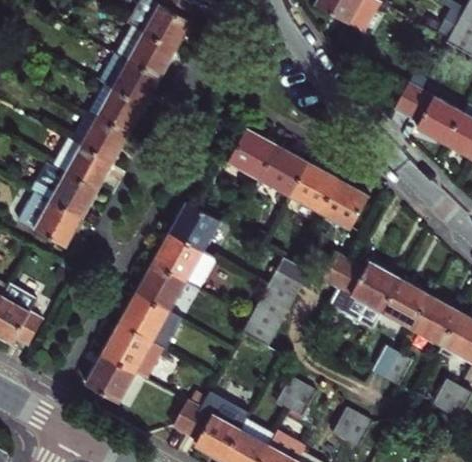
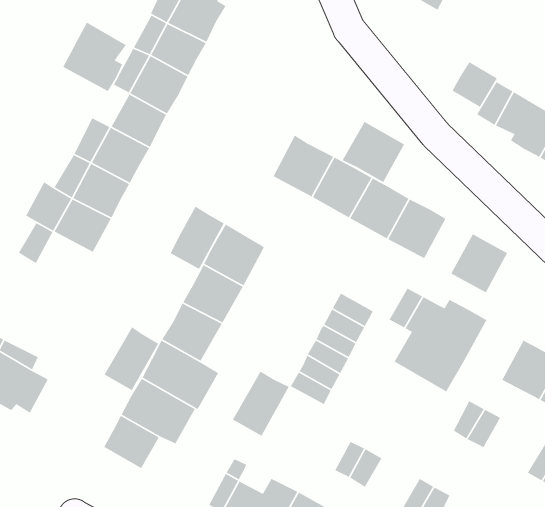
building: none -> [62,22,127,92]
building: none -> [452,61,498,108]
building: none -> [342,121,405,183]
building: none -> [169,206,225,270]
building: [35,207,81,250] -> none
building: [382,278,429,327] -> [450,233,508,294]
building: none -> [104,326,159,391]
building: none -> [232,371,290,437]

